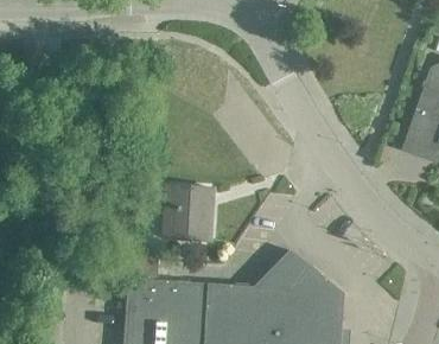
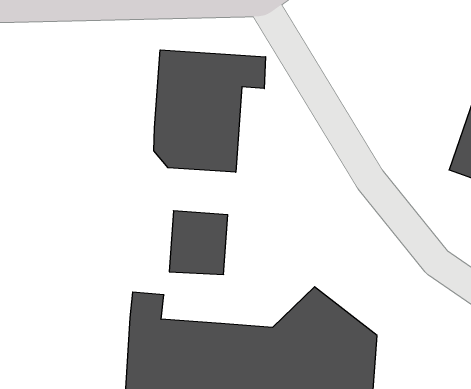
building: none -> [154,50,266,172]

